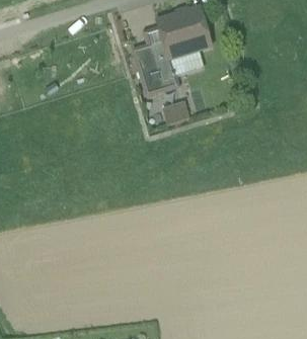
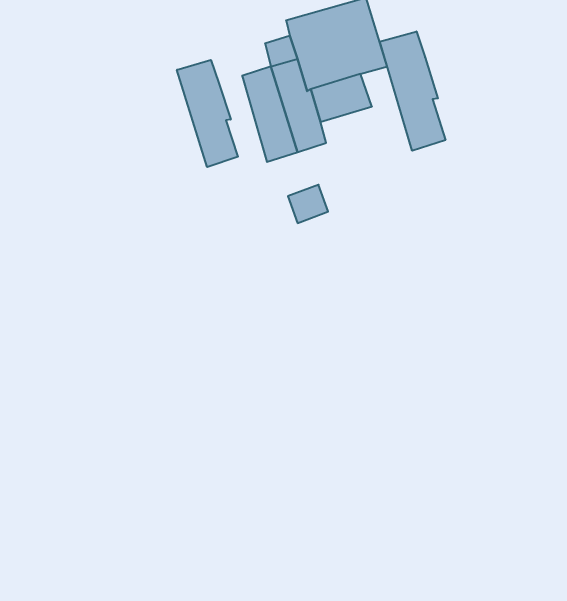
building: none -> [380,31,445,151]
building: none -> [177,60,238,167]

